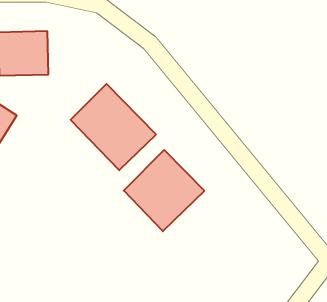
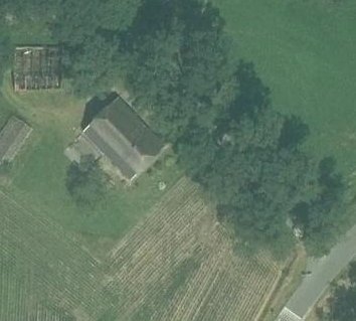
building: [124,150,204,231] -> none

